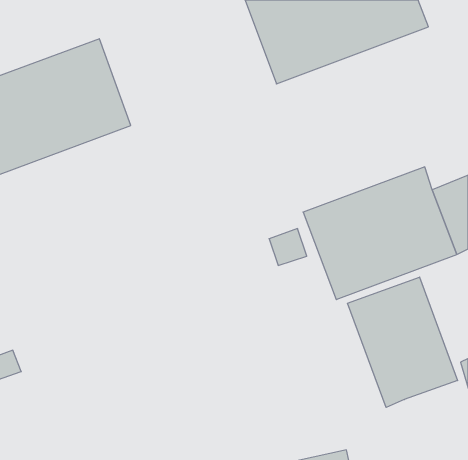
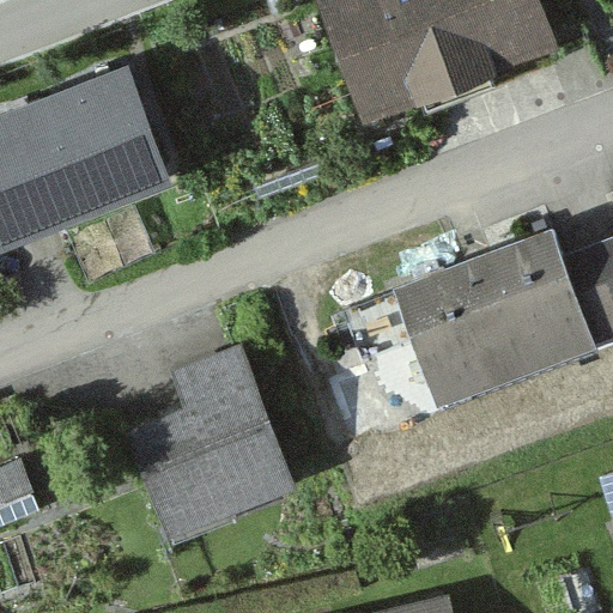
building: none -> [128,345,295,540]
building: [347,277,458,407] -> none

